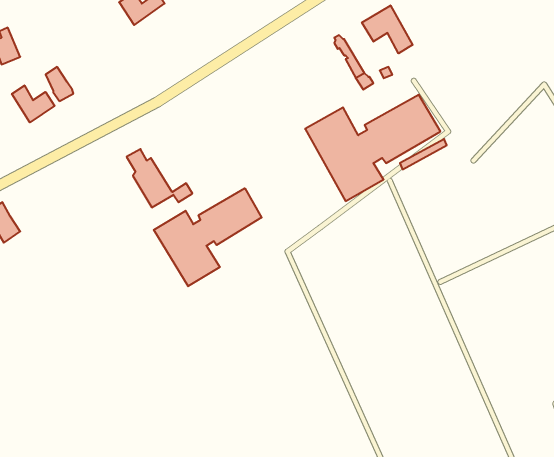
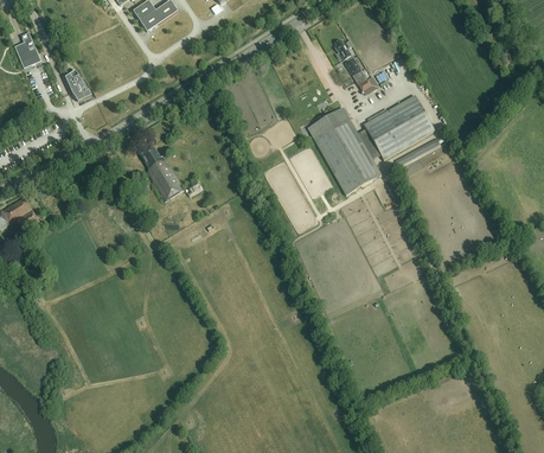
building: [362,5,413,53] -> none
building: [12,85,55,122] -> none
building: [154,188,262,286] -> none

